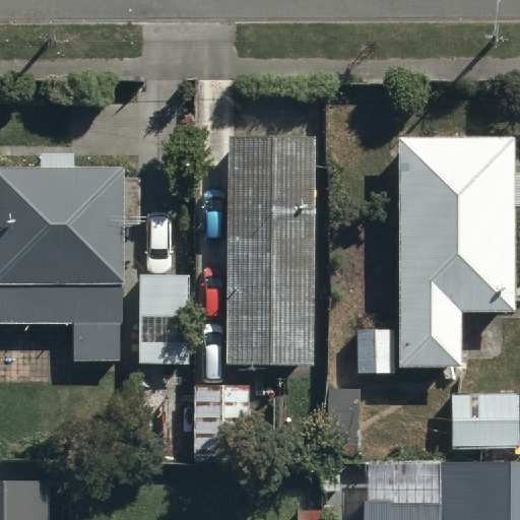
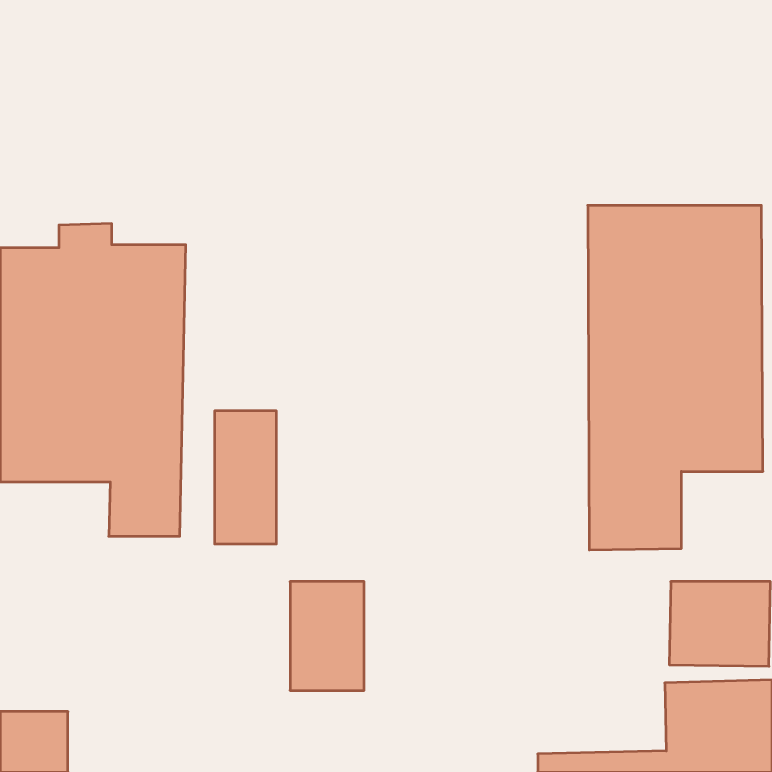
building: [237,140,314,366] -> none

